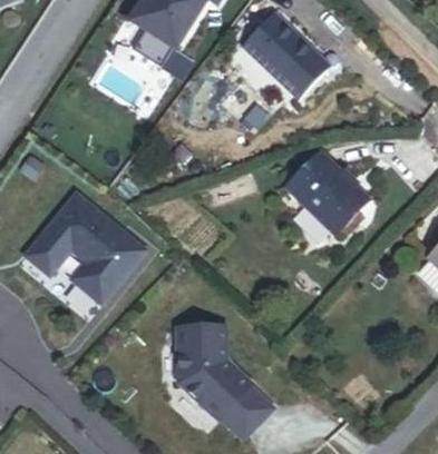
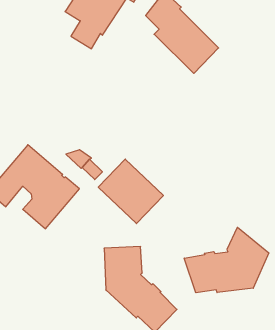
building: [284,152,370,237] -> [98,159,163,224]
building: none -> [184,227,269,293]

